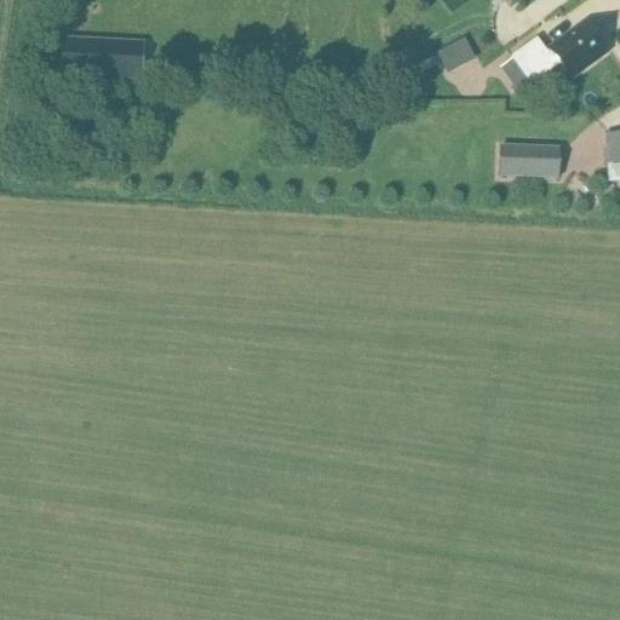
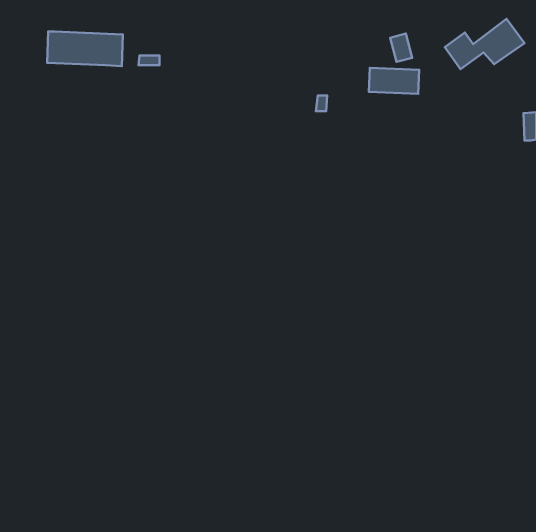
building: [500,144,558,174] -> [369,68,419,94]

